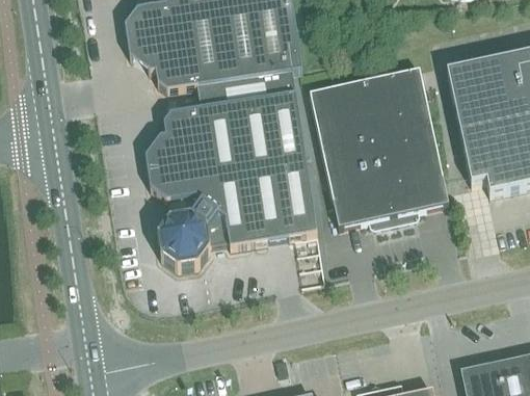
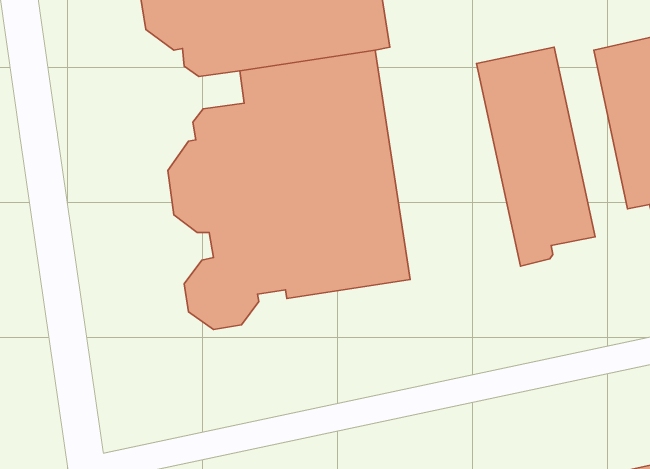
building: [310,79,395,227] -> none

